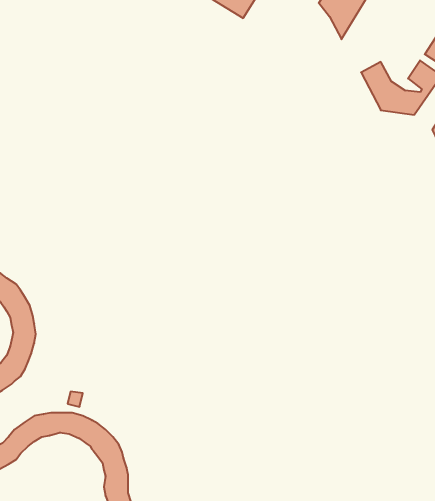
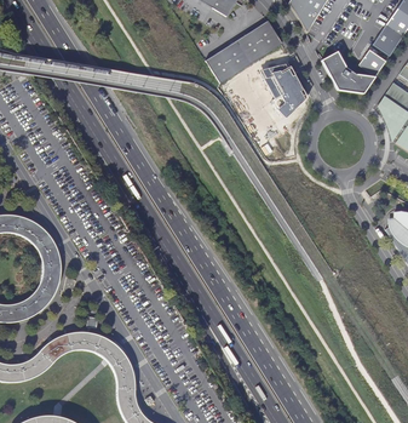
building: none -> [206,21,283,82]
building: none -> [260,63,308,118]

